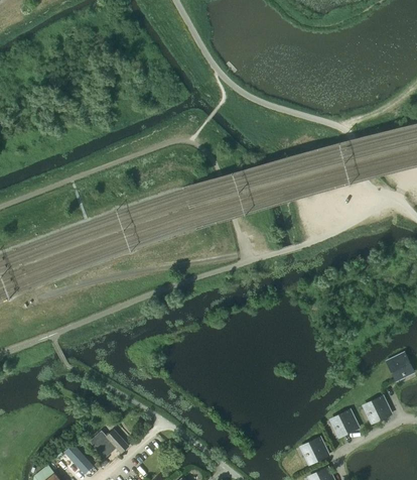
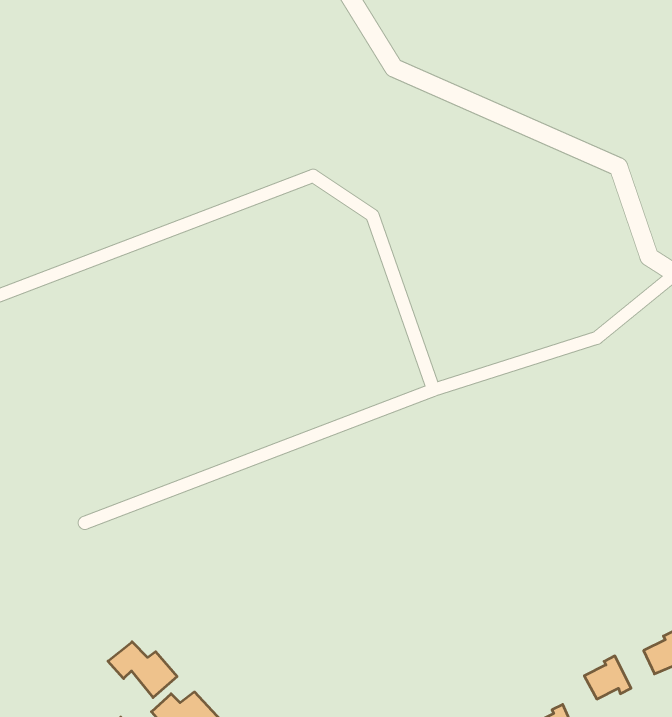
building: none -> [108,642,177,698]

